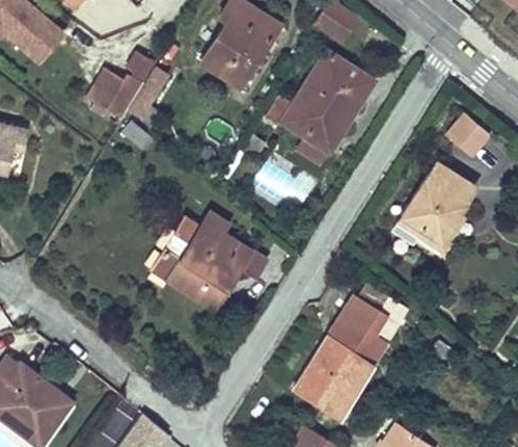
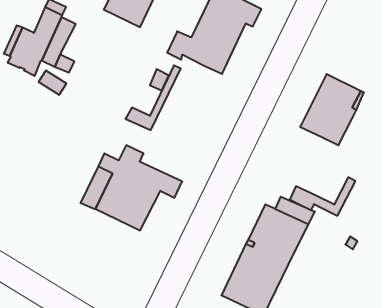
building: [296,97,362,164] -> [125,65,181,130]
building: [446,114,491,158] -> none
building: [392,213,466,254] -> [290,177,355,216]

